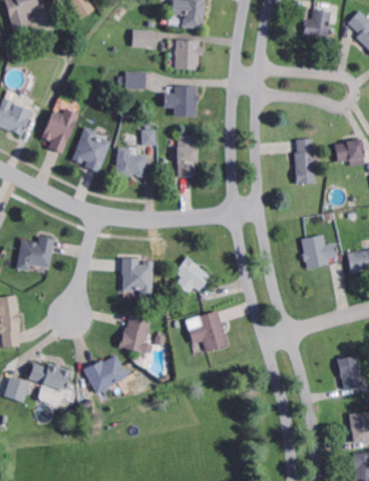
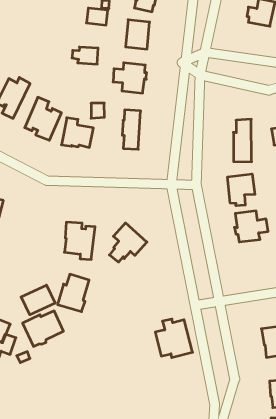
building: none -> [228,174,255,206]
building: [188,310,229,351] -> [155,319,193,358]
building: none -> [21,285,55,315]

